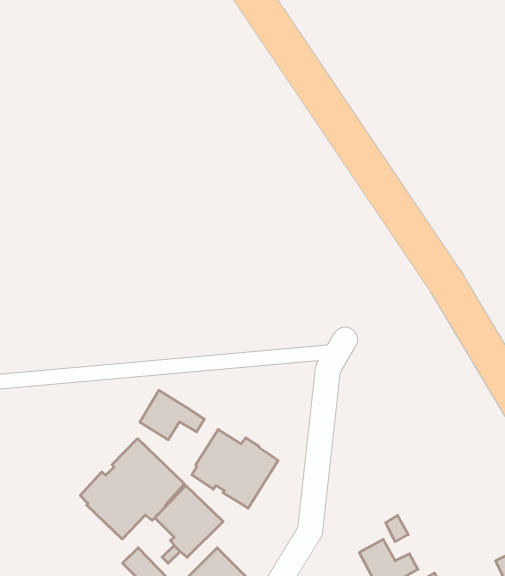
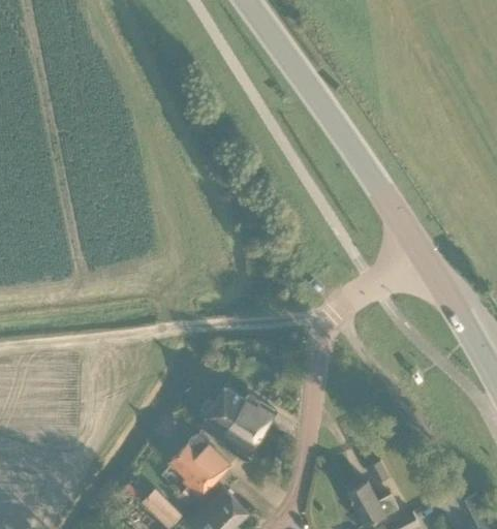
building: [140,390,204,440] -> none
building: [80,439,184,539] -> none

